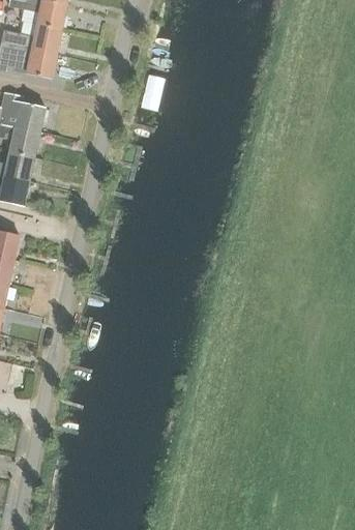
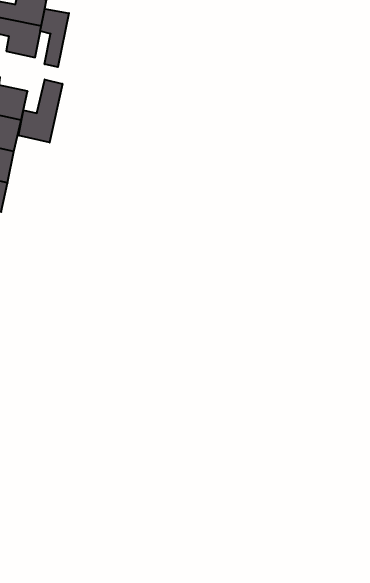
building: none -> [40,9,69,67]
building: none -> [18,79,62,143]

